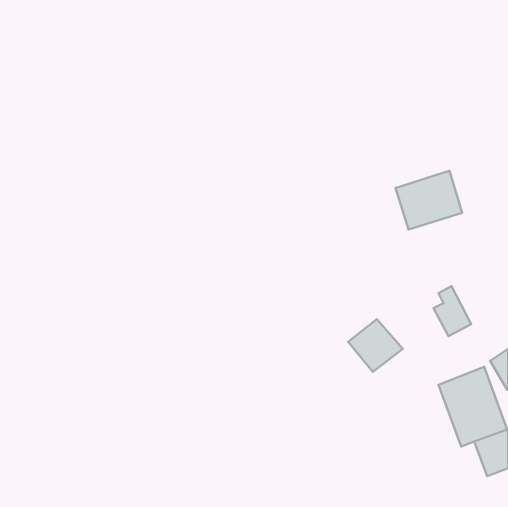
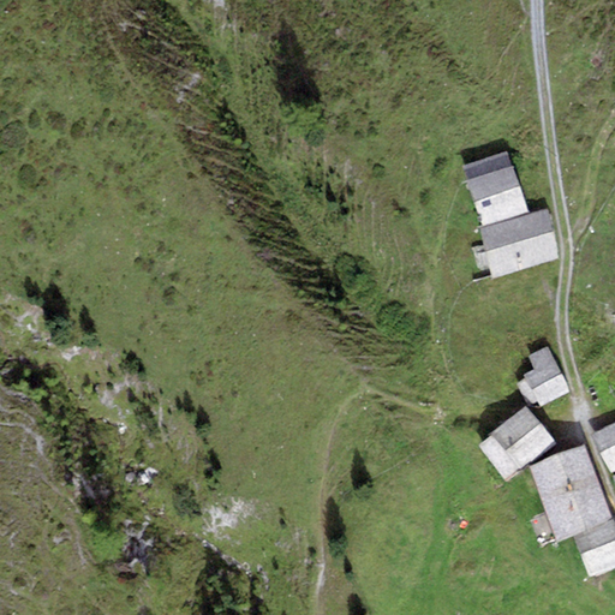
building: none -> [464,151,527,226]
building: [348,319,403,372] -> [489,405,555,468]

